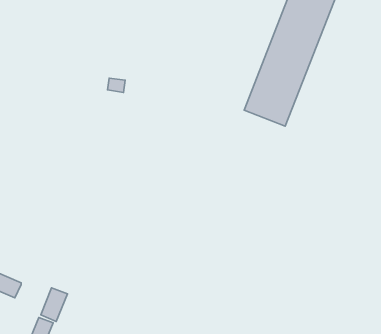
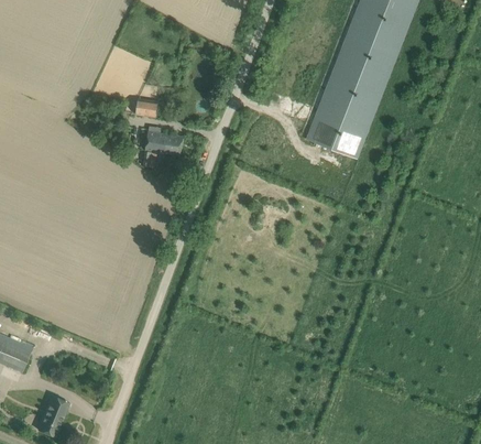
building: none -> [143,130,183,166]
building: [41,288,67,322] -> none

